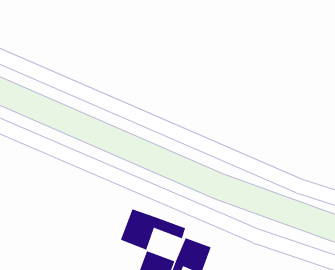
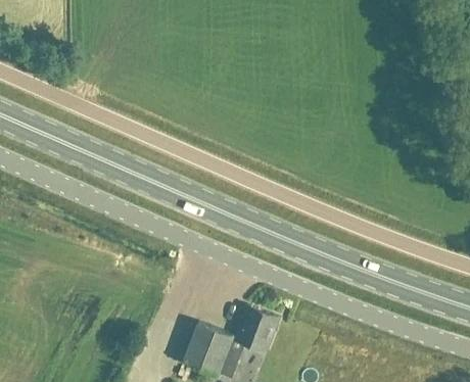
building: [120,209,186,251] -> none

